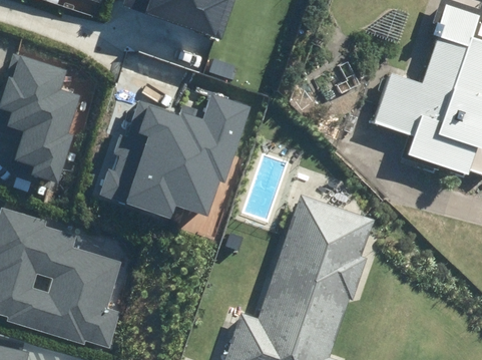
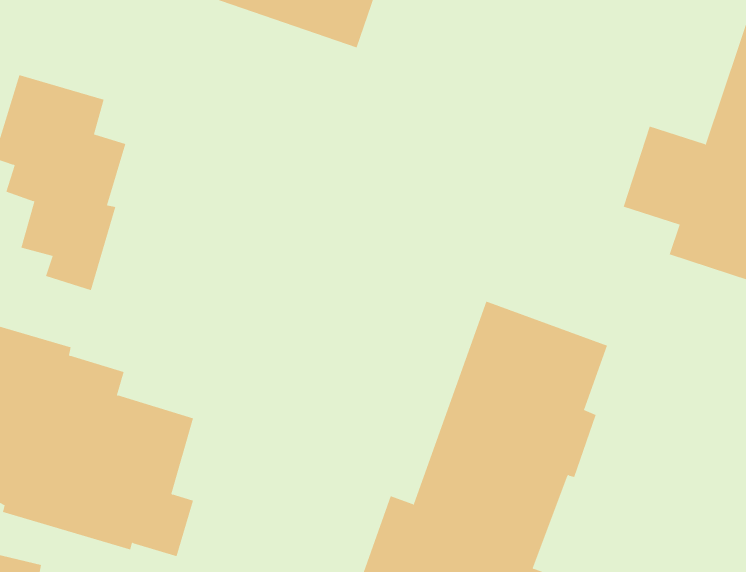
building: [99,94,250,219] -> none

